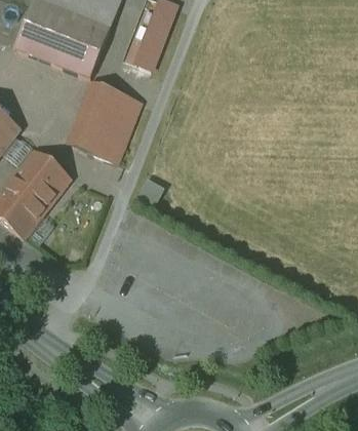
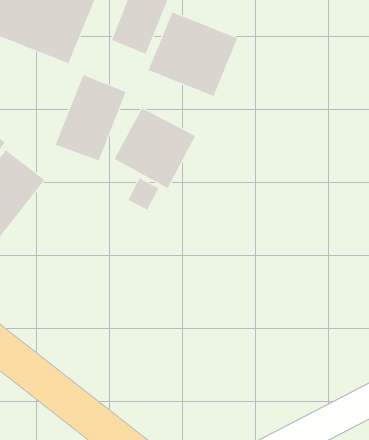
building: none -> [148,12,238,97]
building: none -> [114,108,196,189]

